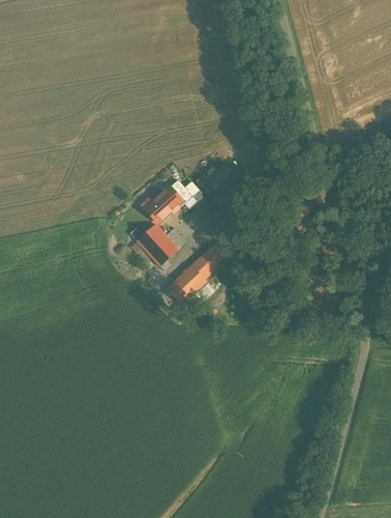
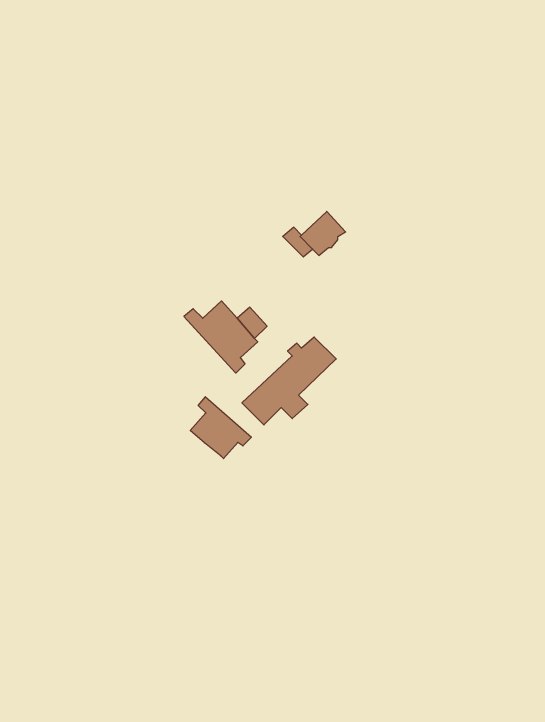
building: [143,179,189,222] -> none
building: none -> [190,397,251,459]

